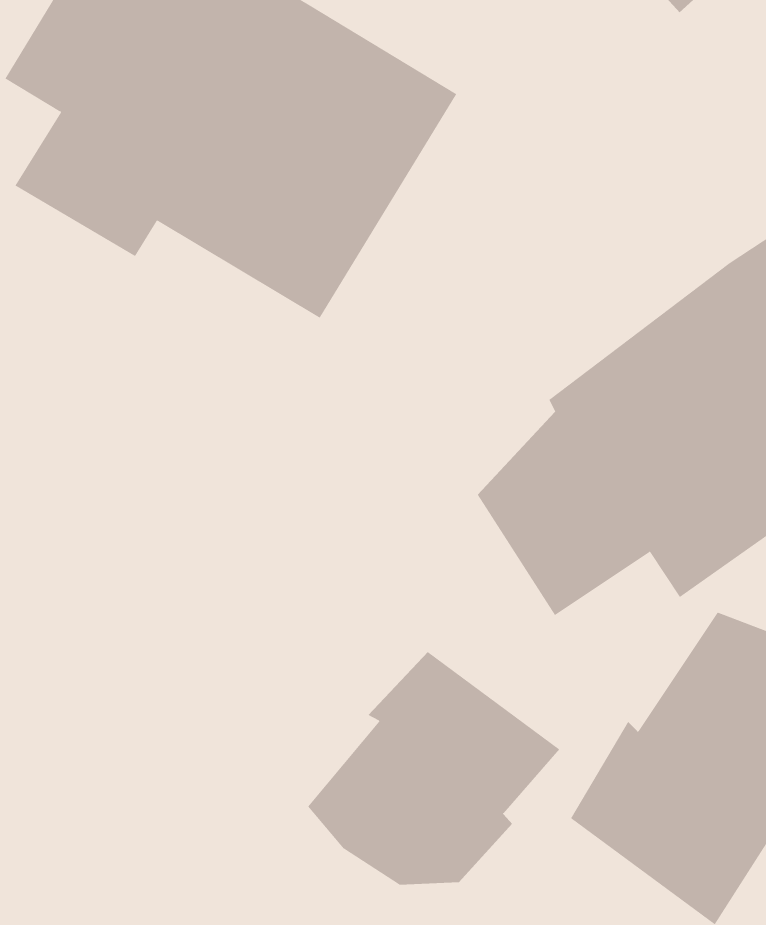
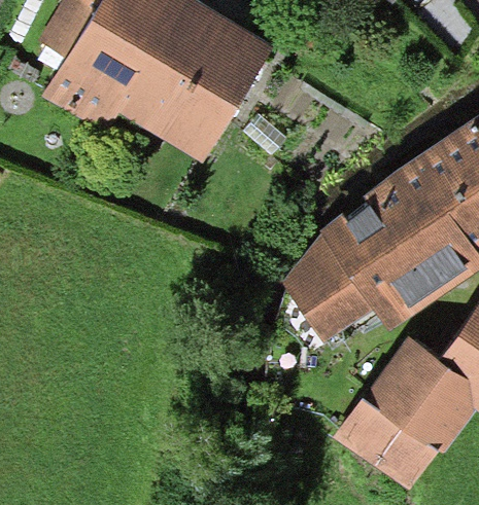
building: [308,651,560,885] -> none

